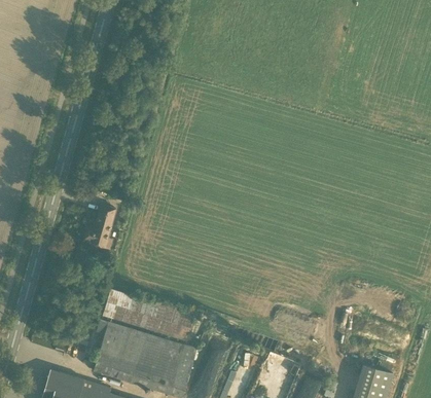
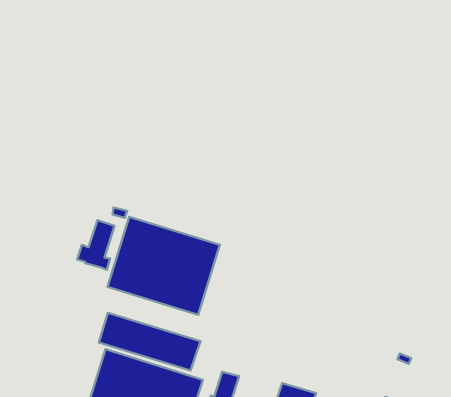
building: none -> [108,217,220,315]

